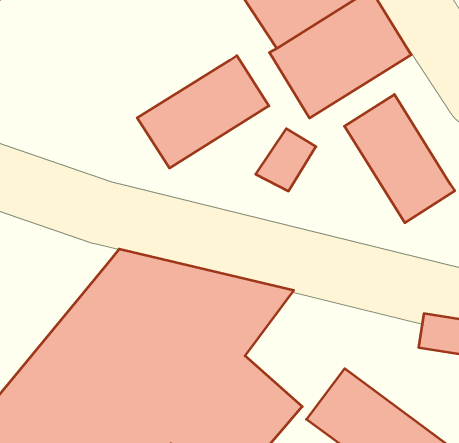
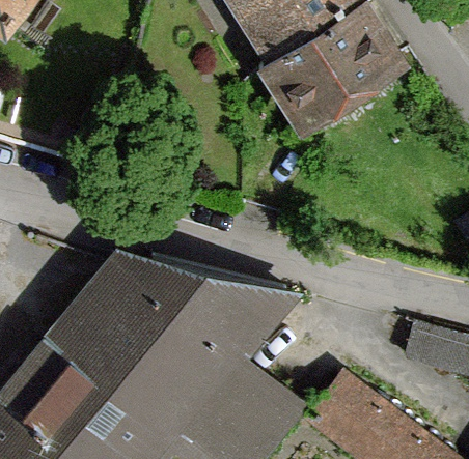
building: [137,56,269,168] -> none
building: [344,94,455,223] -> none

